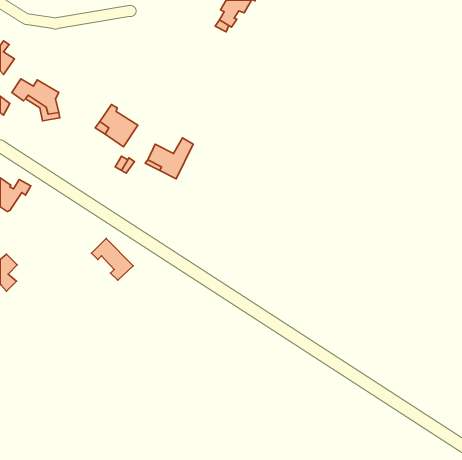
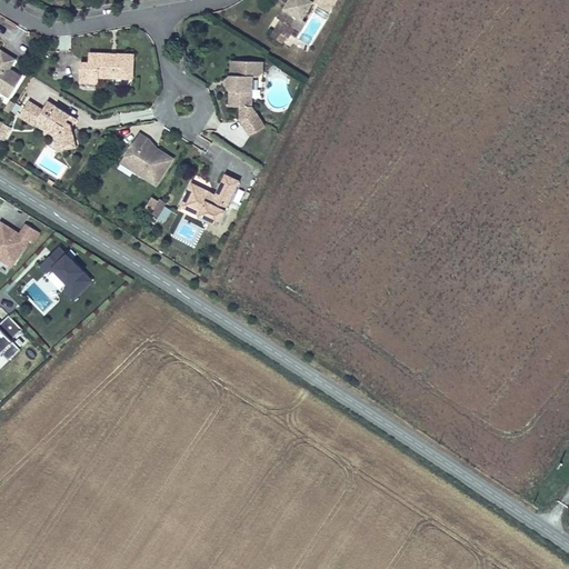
building: none -> [76,53,132,83]
building: none -> [226,61,262,136]
building: [92,239,133,280] -> [41,247,92,298]

